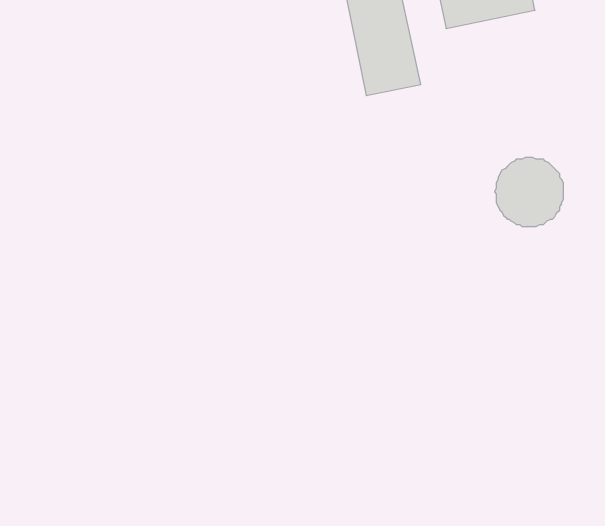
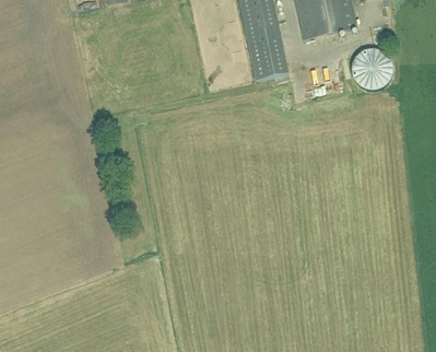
building: [495,157,563,226] -> [350,48,391,90]

